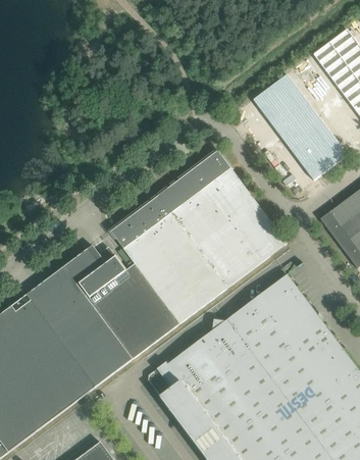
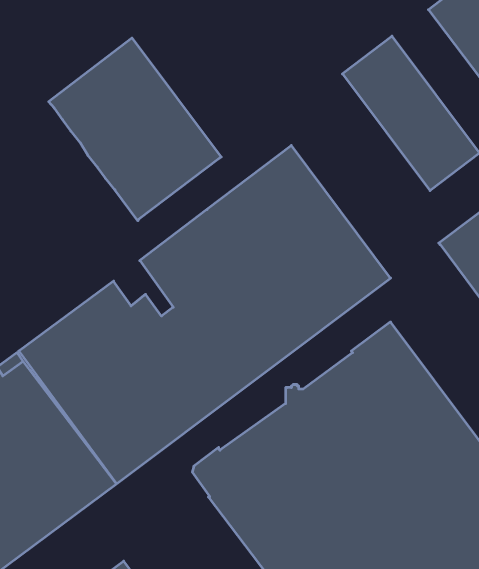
building: none -> [49,38,221,221]

